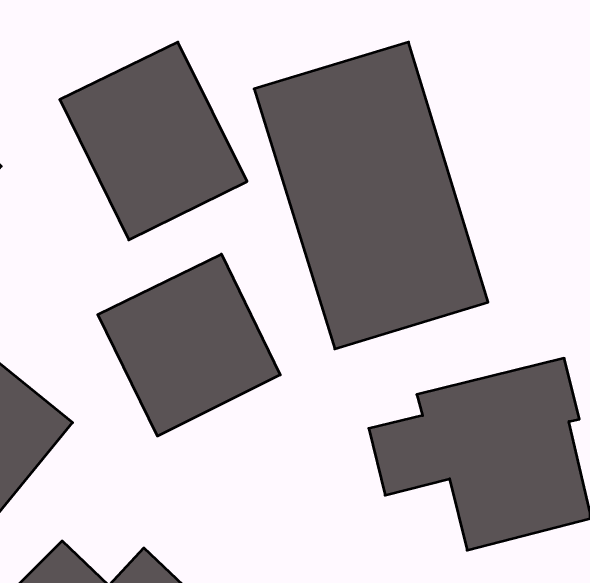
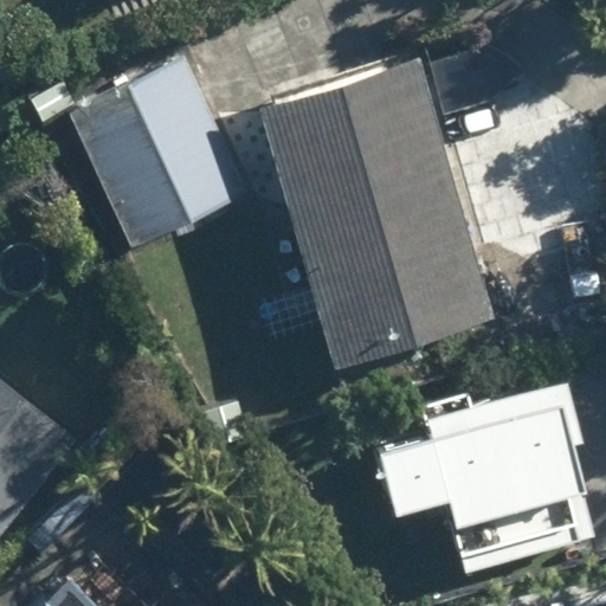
building: [98,254,280,436] -> none

